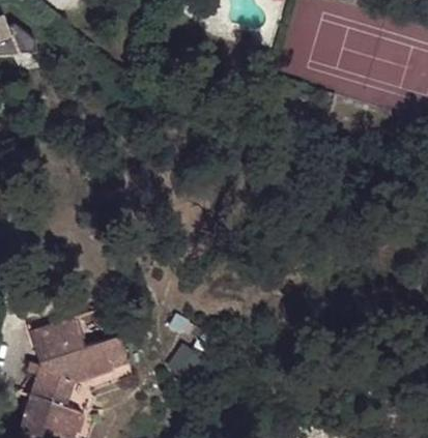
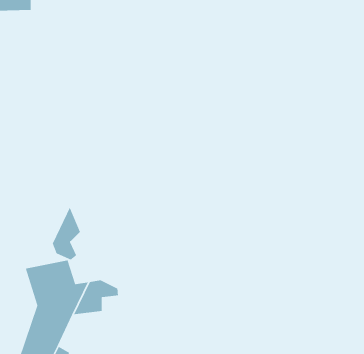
building: none -> [52,206,81,261]

